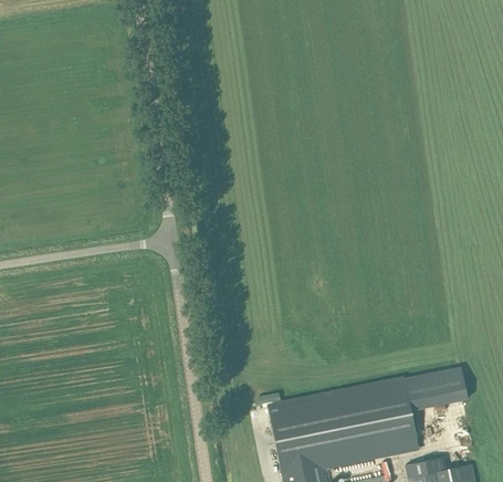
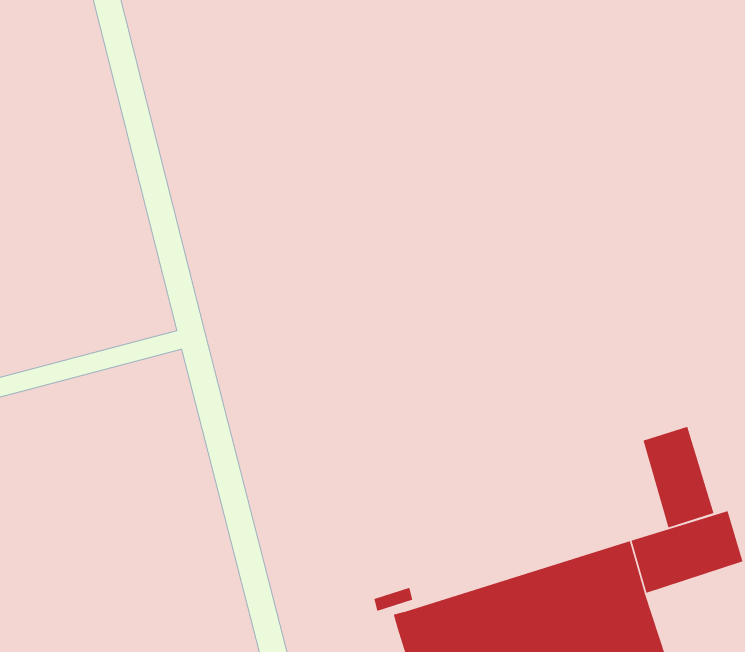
building: none -> [643,426,715,529]

